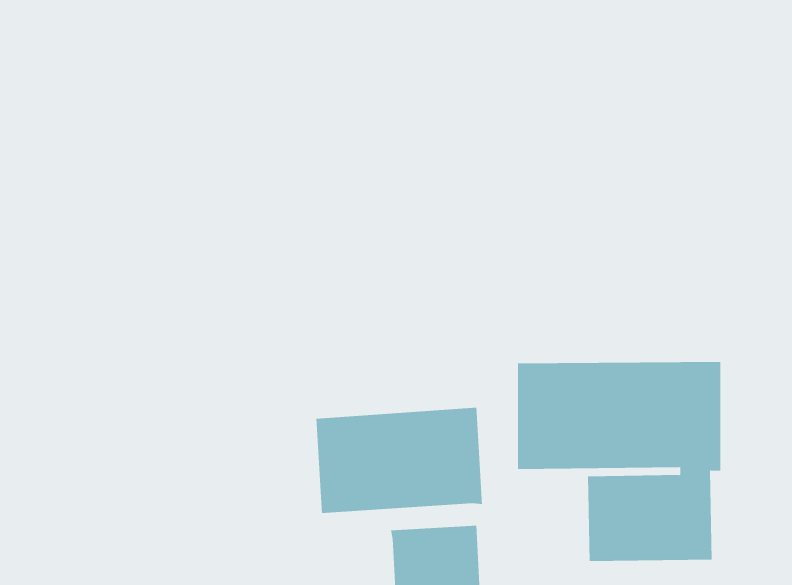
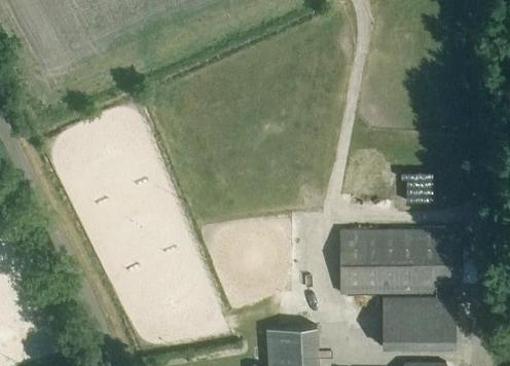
building: [316,407,483,514] -> none

